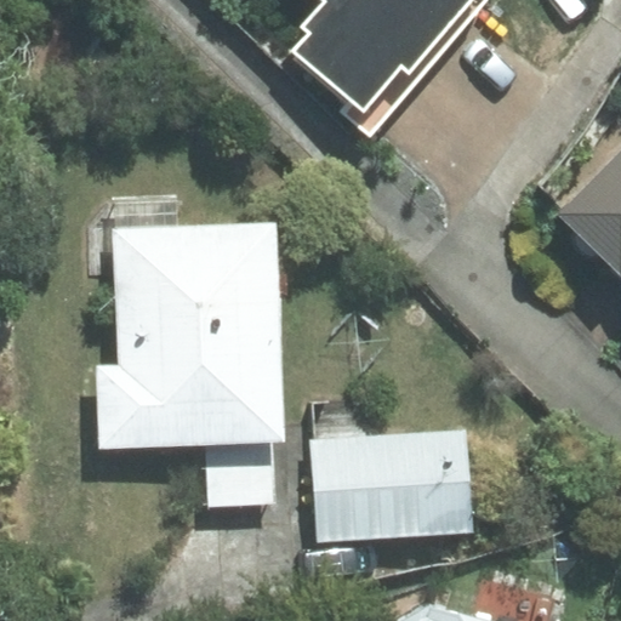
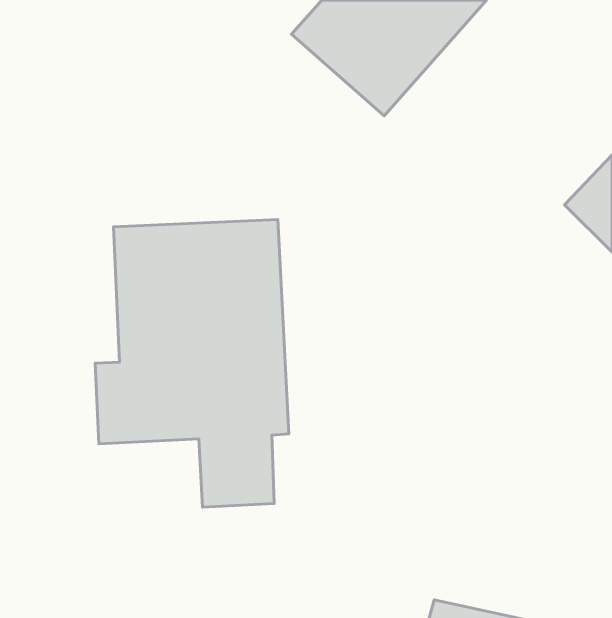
building: [306,427,477,543] -> none

